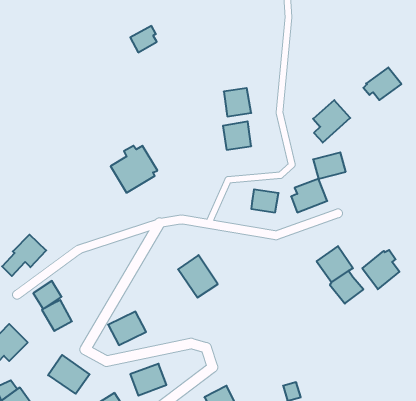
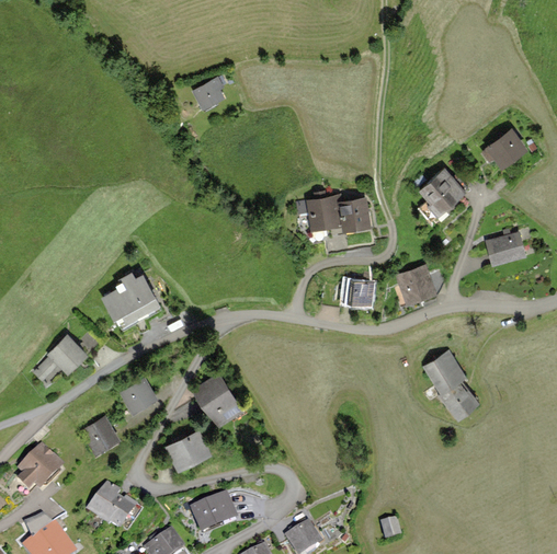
building: [224,88,251,116] -> [338,196,372,231]
building: [111,146,157,193] -> [102,272,160,330]
building: [313,152,346,179] -> [486,231,526,264]
building: [362,250,399,289] -> none
building: [178,255,218,298] -> [193,373,242,426]
building: [33,281,62,309] -> [121,378,156,413]

